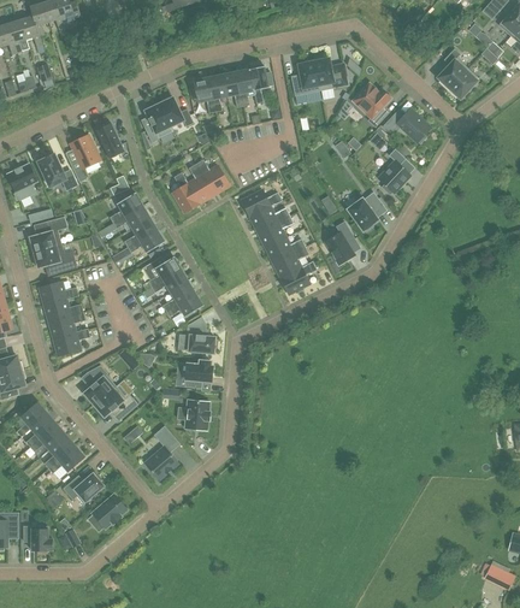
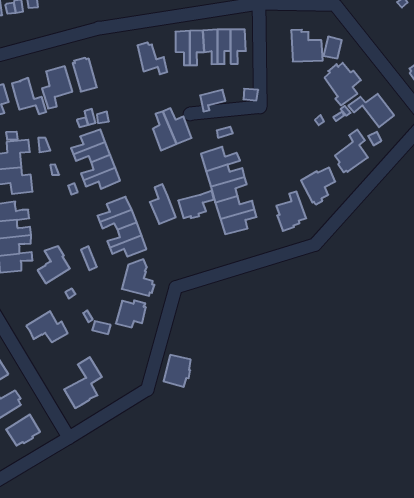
building: [290,59,318,95] -> none
building: [144,101,171,142] -> none
building: [171,172,200,213] -> [150,184,176,224]
building: [279,261,315,294] -> [178,191,214,218]
building: [83,365,116,405] -> [38,246,70,283]
building: [184,400,209,430] -> [163,355,191,387]

